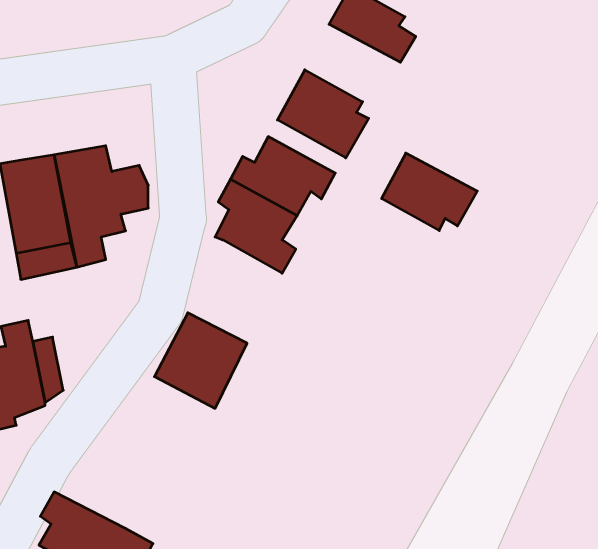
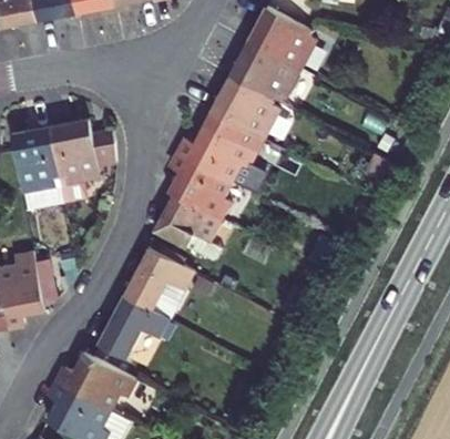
building: [382,153,477,231] -> [235,35,305,92]
building: none -> [154,193,218,246]
building: none -> [98,293,170,355]
building: none -> [52,348,135,404]

